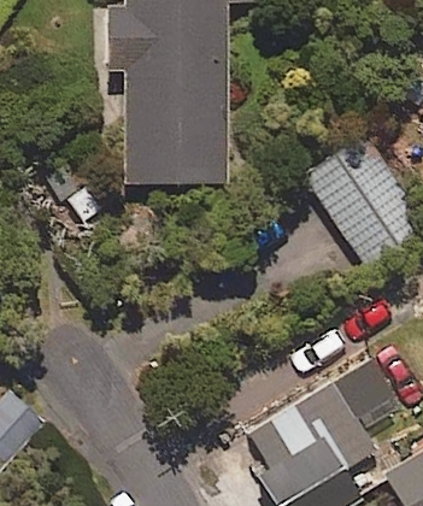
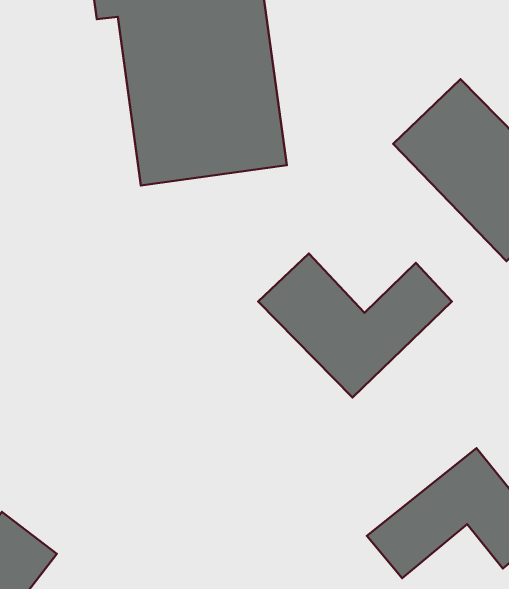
building: none -> [258,254,452,397]

